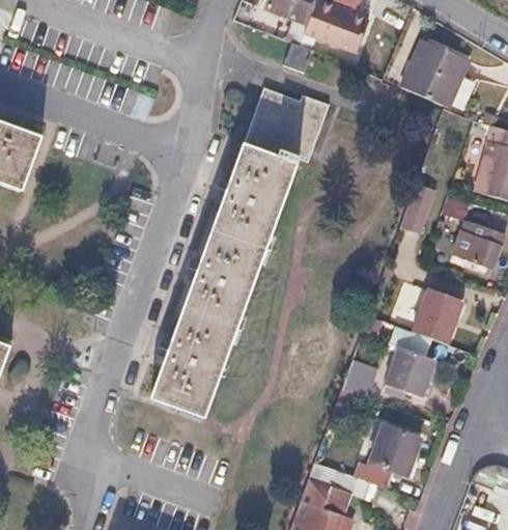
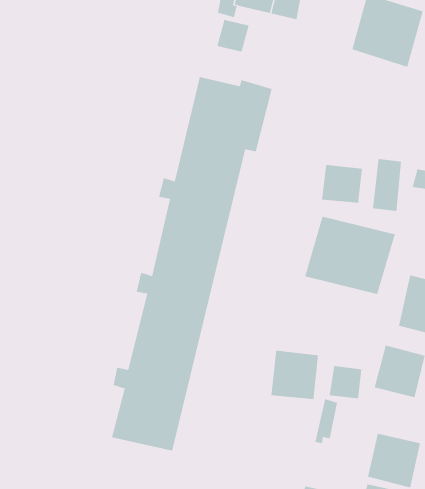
building: none -> [321,164,362,203]
building: none -> [304,216,395,295]
building: none -> [271,350,319,400]

